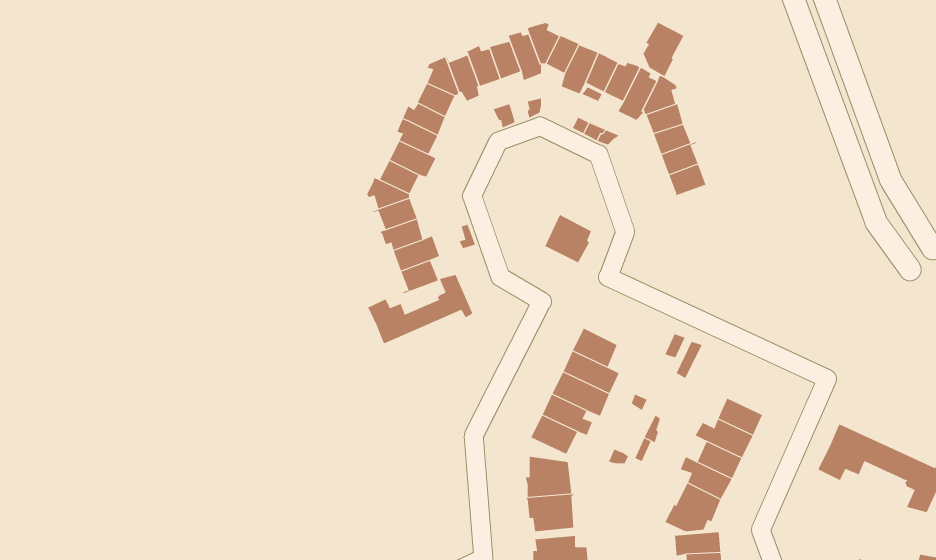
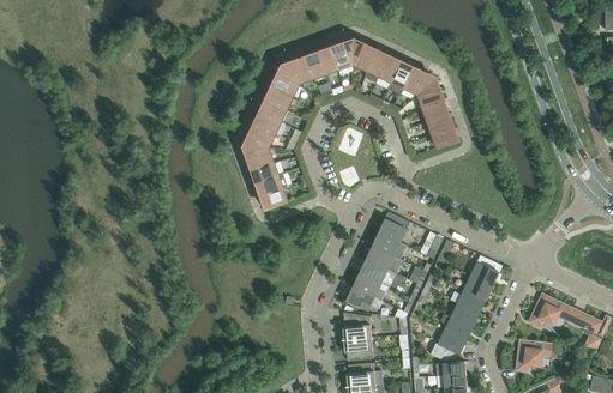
building: [643,22,684,77] -> none
building: [545,214,592,263] -> [378,211,408,242]
building: [367,274,473,344] -> none
building: none -> [469,255,501,286]
building: none -> [513,338,552,373]

